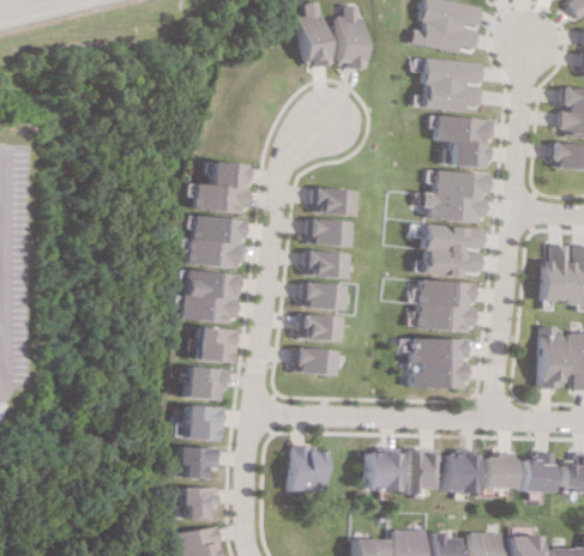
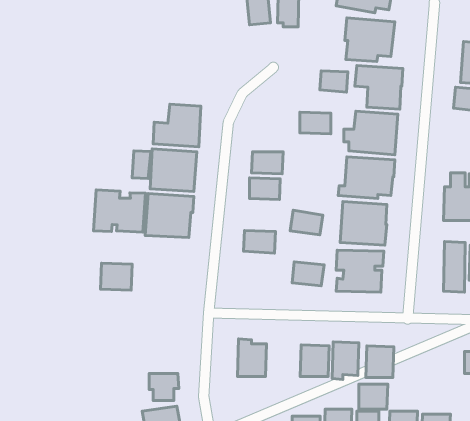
building: none -> [320,71,348,92]
building: [313,188,350,214] -> [300,112,331,134]
building: none -> [132,151,151,179]
building: none -> [94,190,145,232]
building: [300,280,339,310] -> [290,210,323,235]
building: [197,327,234,363] -> none
building: [295,346,333,375] -> [292,262,324,286]
building: [187,367,225,399] -> [100,263,132,290]
building: [186,405,223,441] -> none
building: [180,446,221,478] -> none
building: [523,452,556,491] -> none
building: [483,458,518,488] -> [359,384,388,409]

